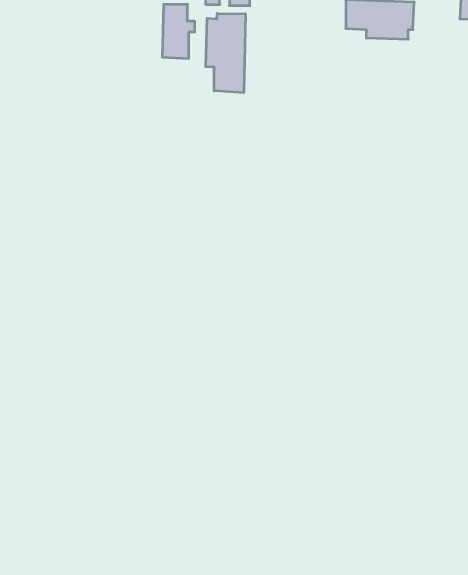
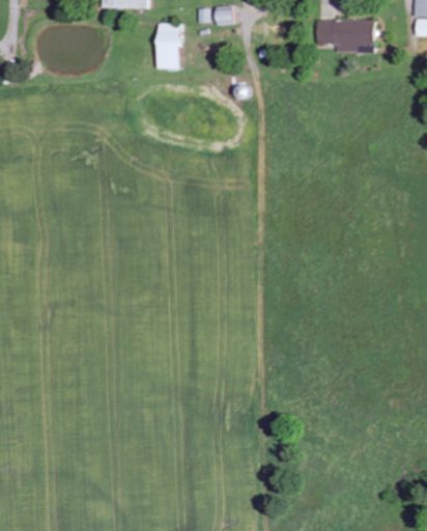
building: [206,13,245,93] -> none

